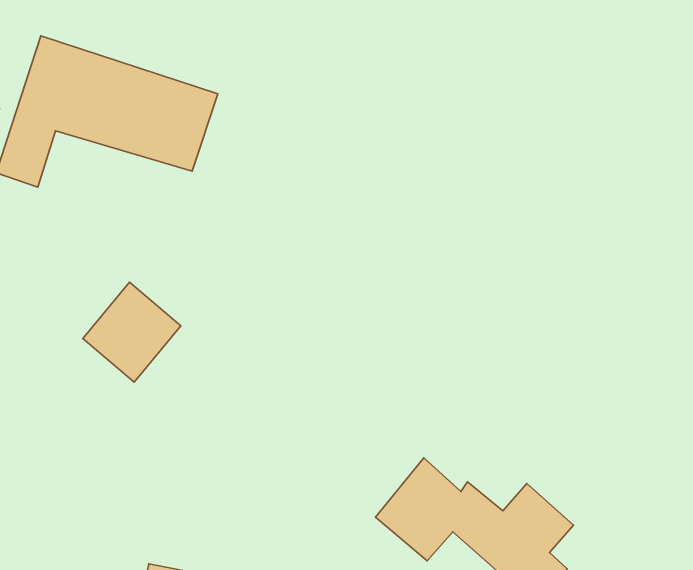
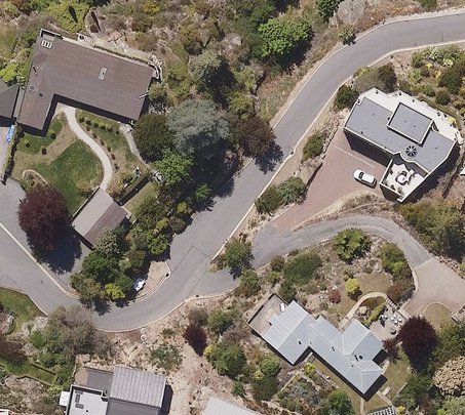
building: none -> [345,92,455,202]

